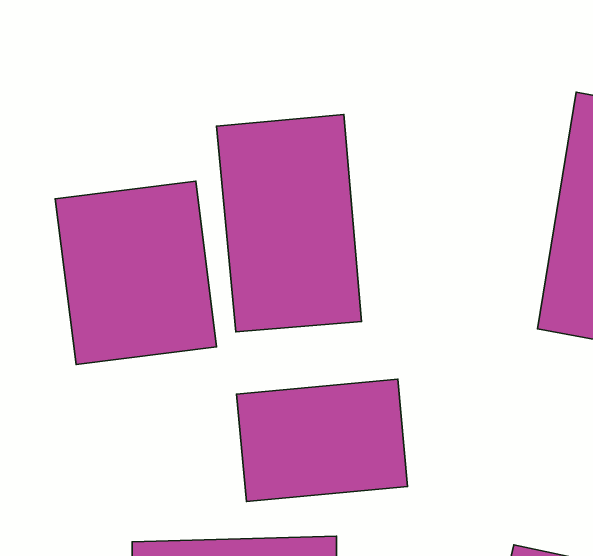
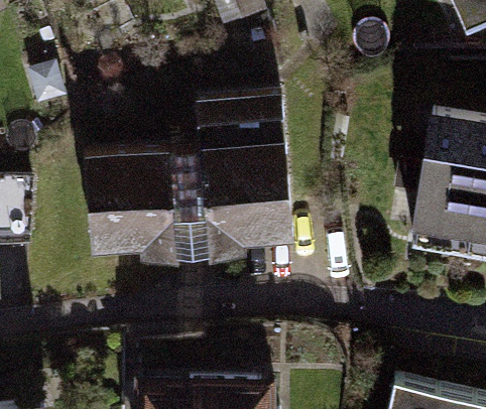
building: [237,379,408,501] -> none

